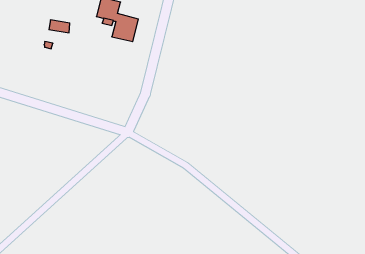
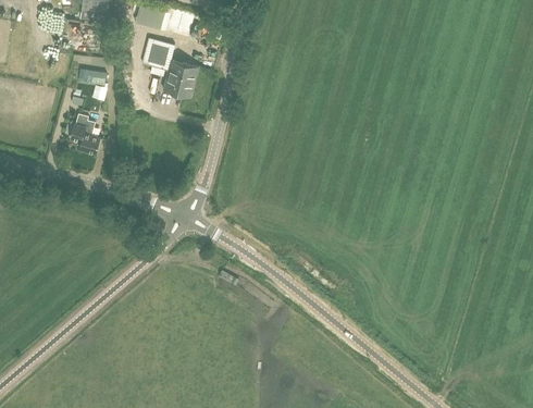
building: none -> [69,112,99,152]

